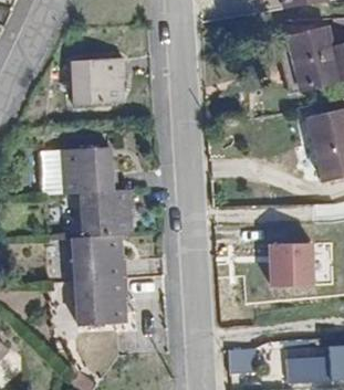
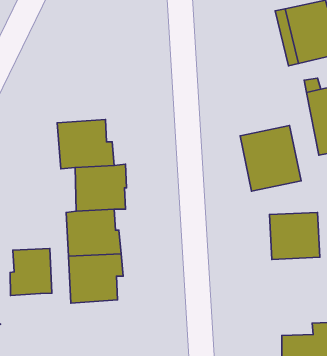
building: [72,59,125,104] -> none
building: none -> [240,125,301,191]
building: none -> [10,248,52,295]

